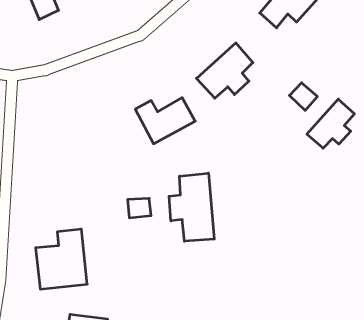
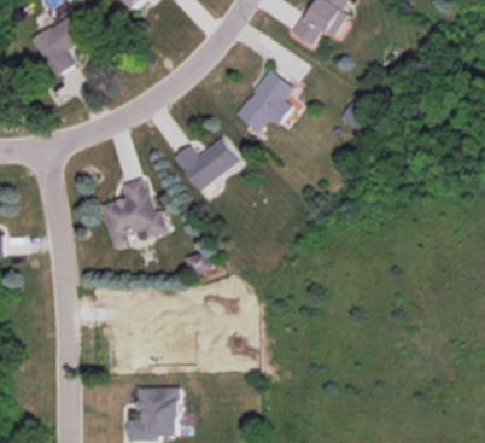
building: [307,99,354,148] -> none
building: [169,173,214,241] -> none
building: [36,229,87,289] -> [100,177,162,249]

